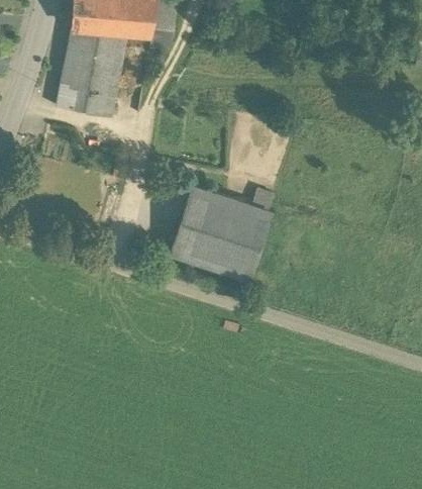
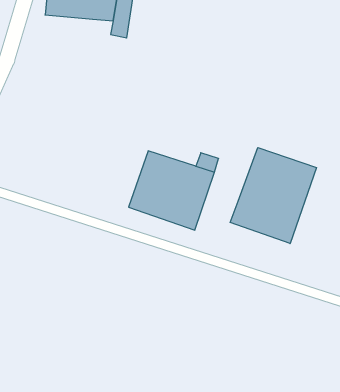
building: [57,26,126,117] -> none
building: none -> [230,148,316,244]

